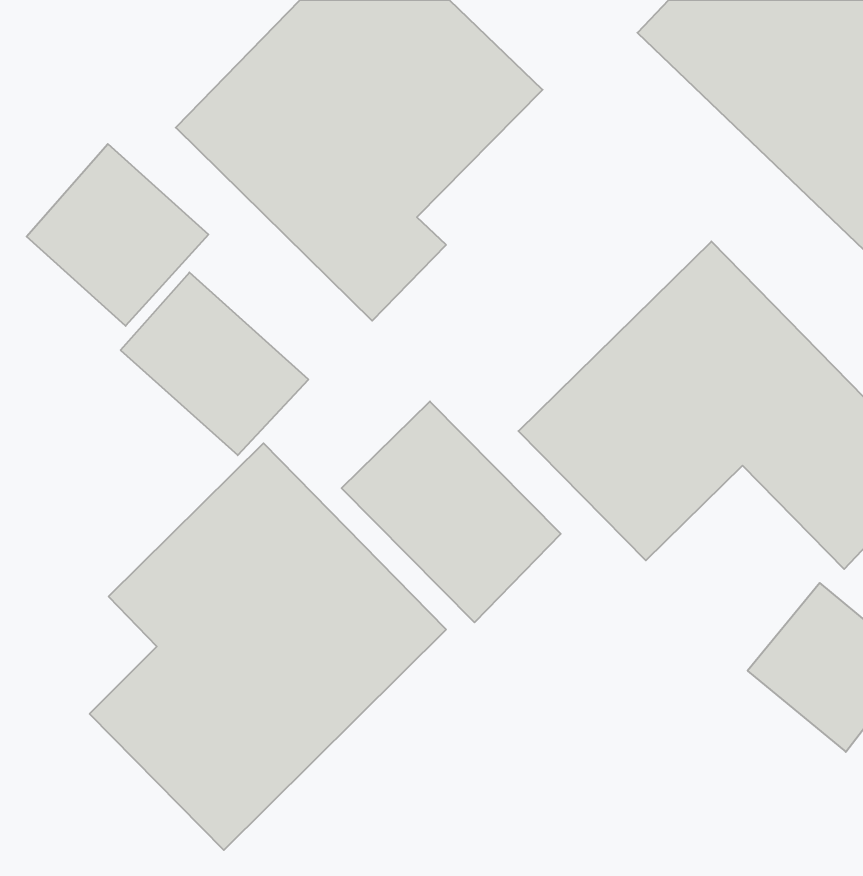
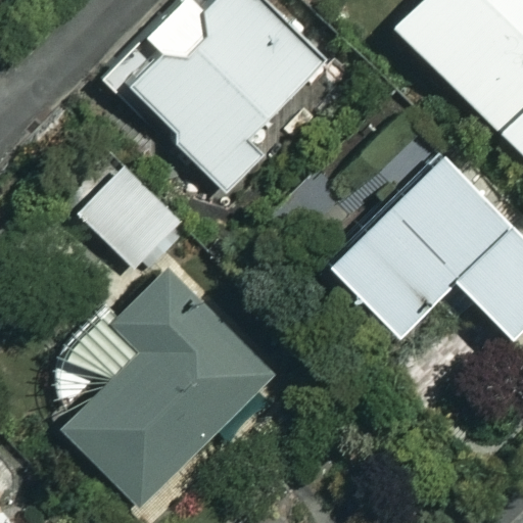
building: [27,144,208,326] -> none
building: [342,401,561,622] -> none

